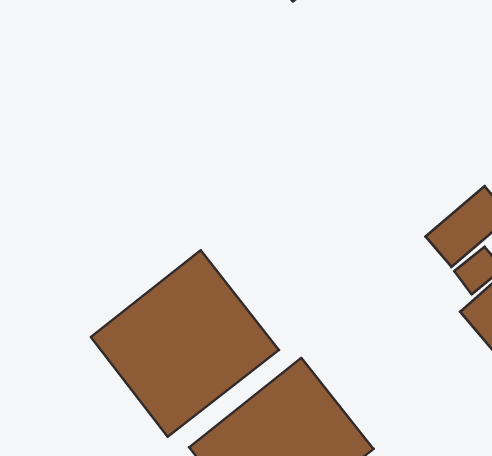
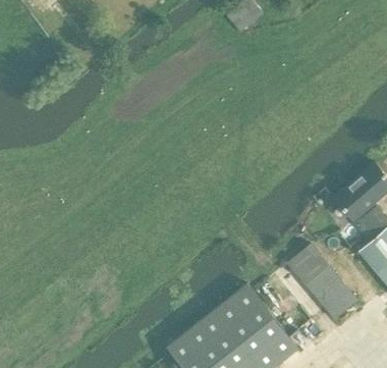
building: [91,250,279,437] -> none
building: none -> [286,245,357,319]

